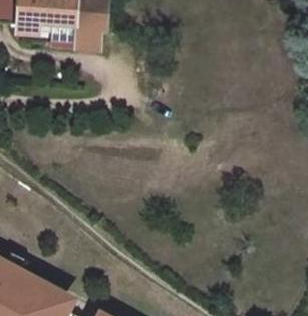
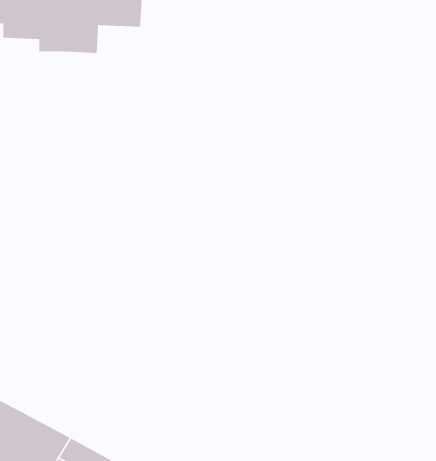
building: [59,24,108,49] -> none

